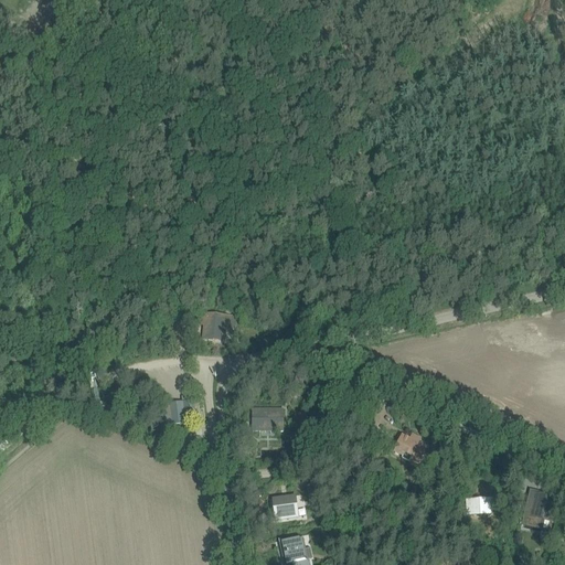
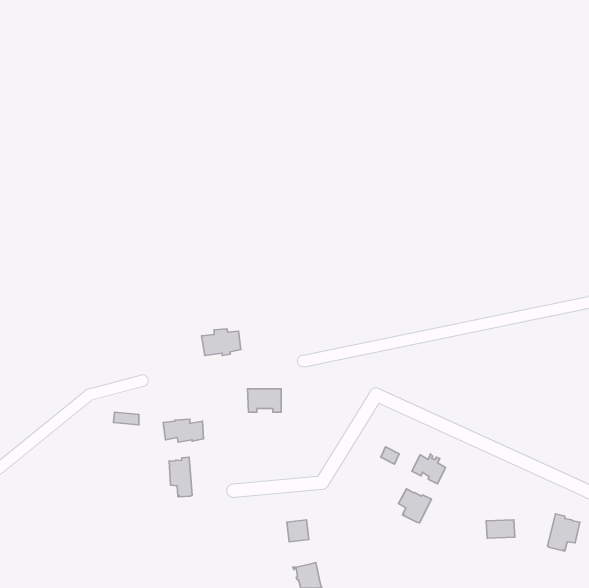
building: [249,407,281,429] -> [247,389,281,412]
building: none -> [169,457,192,497]
building: none -> [399,489,431,523]

